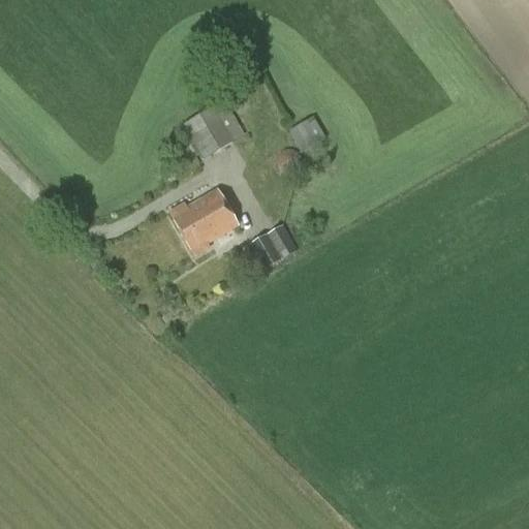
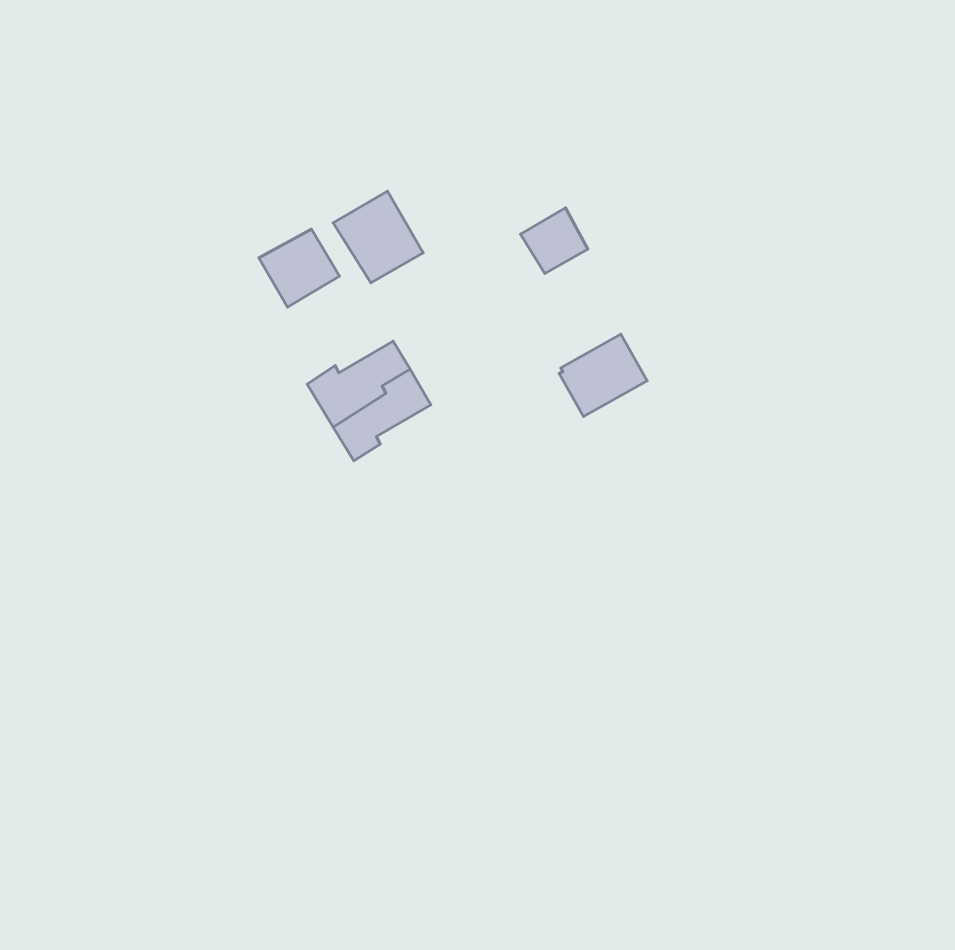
building: none -> [259,229,340,307]
building: [249,223,298,269] -> [559,334,647,417]

